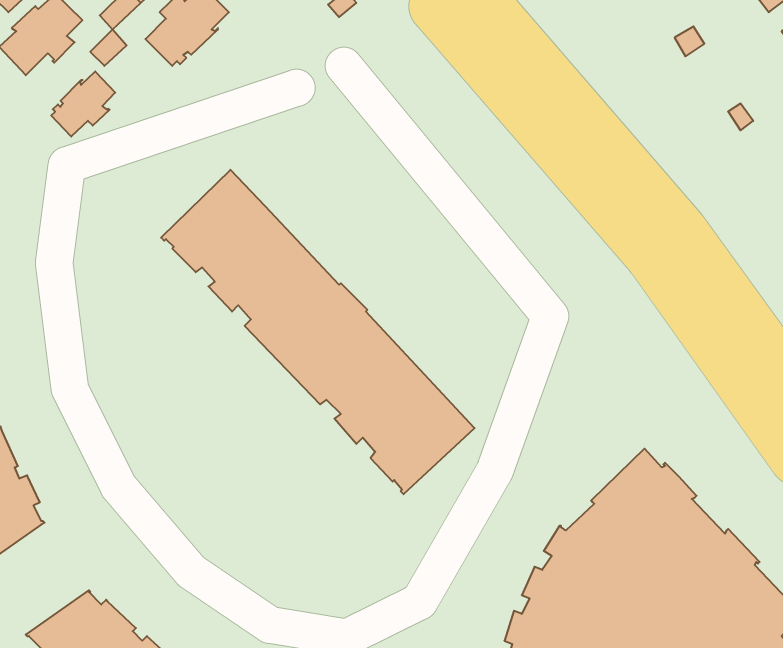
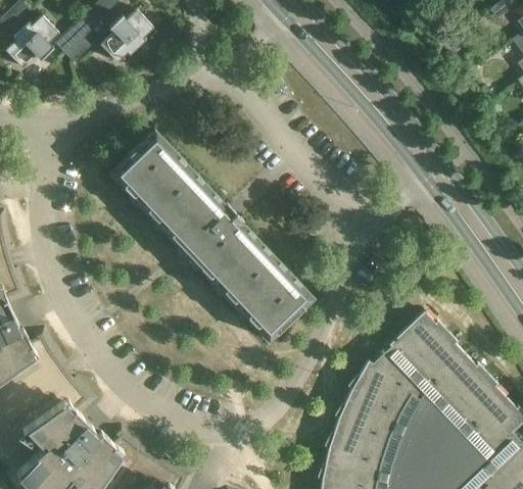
building: [51,71,115,137] -> none

